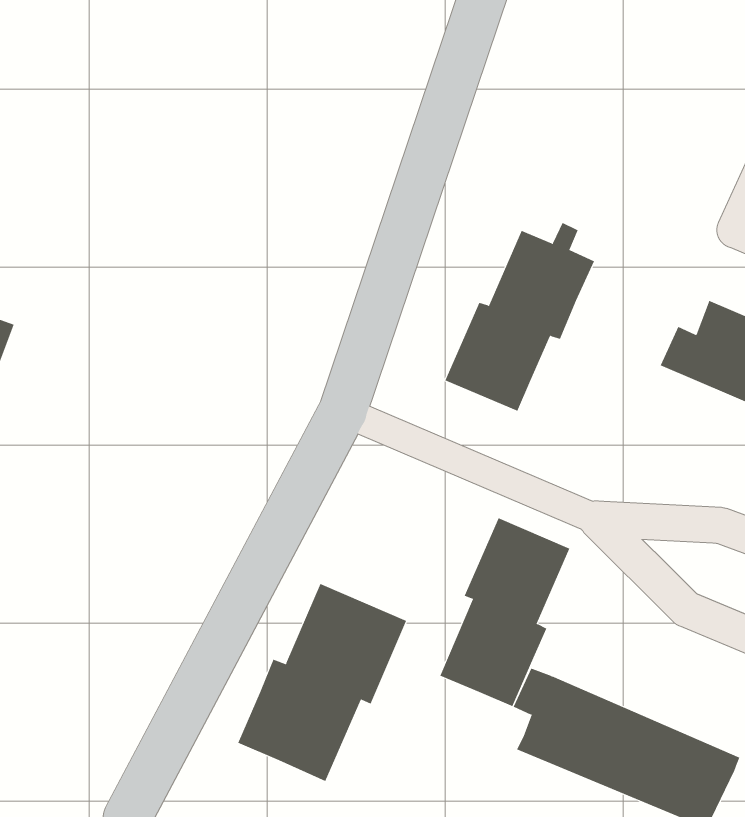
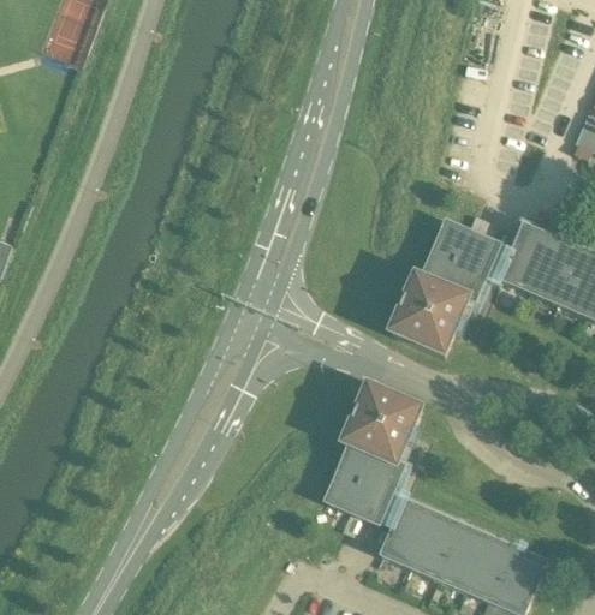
building: [444,222,595,412] -> [388,214,499,353]
building: [237,583,407,782] -> none

